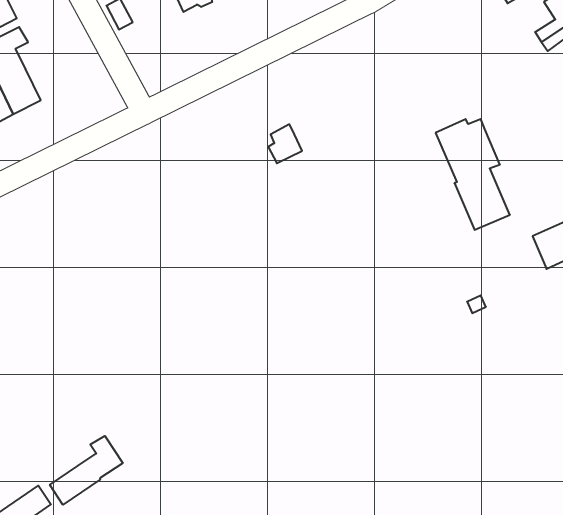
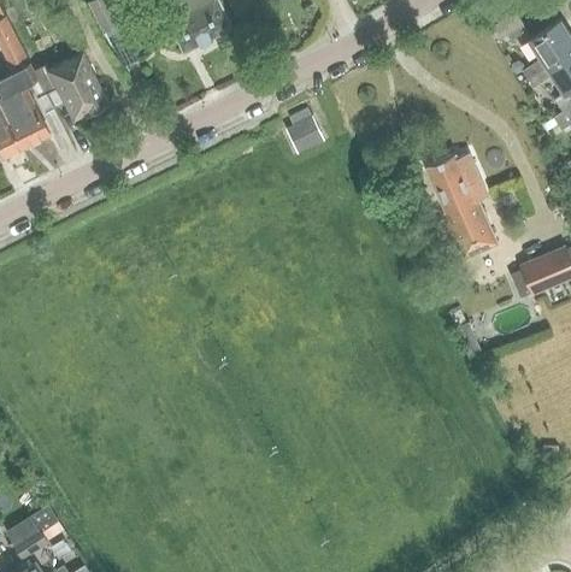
building: none -> [31,53,108,120]
building: [268,124,302,163] -> [287,108,319,146]
building: [50,436,123,505] -> none

